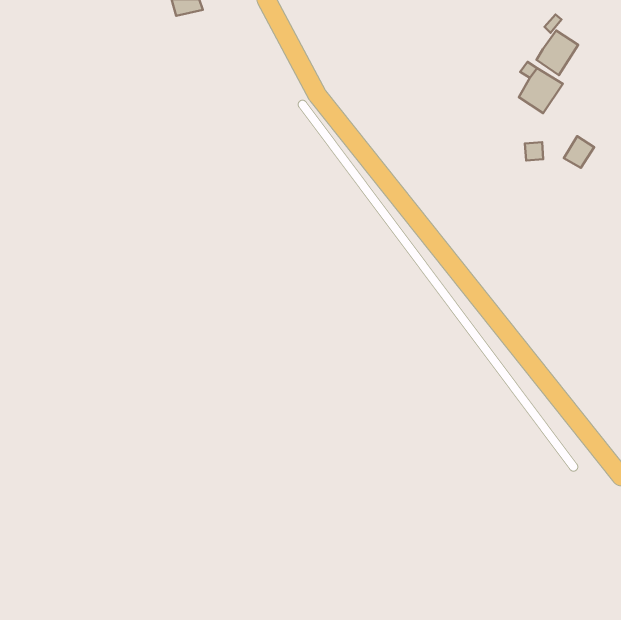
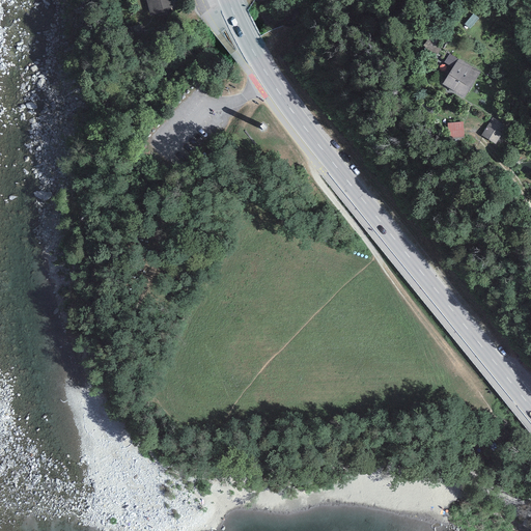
building: [537,31,578,75] -> none

